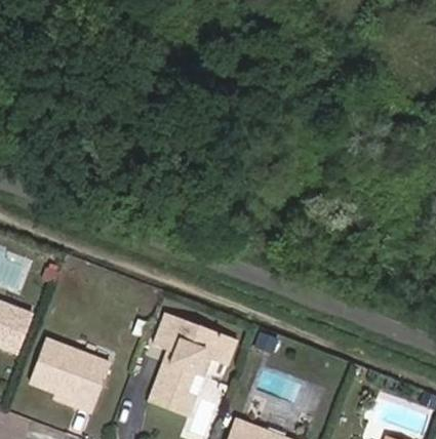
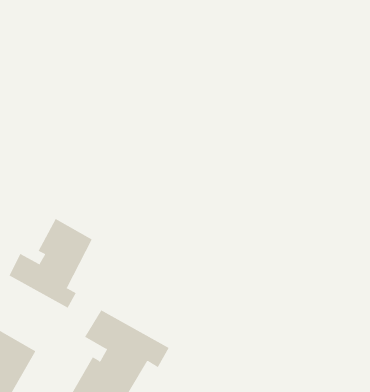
building: none -> [9,218,93,309]

